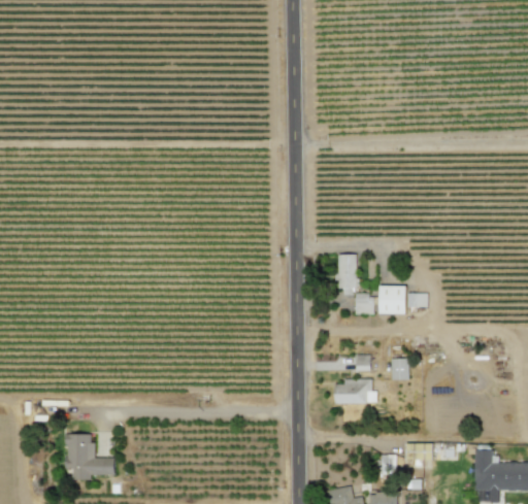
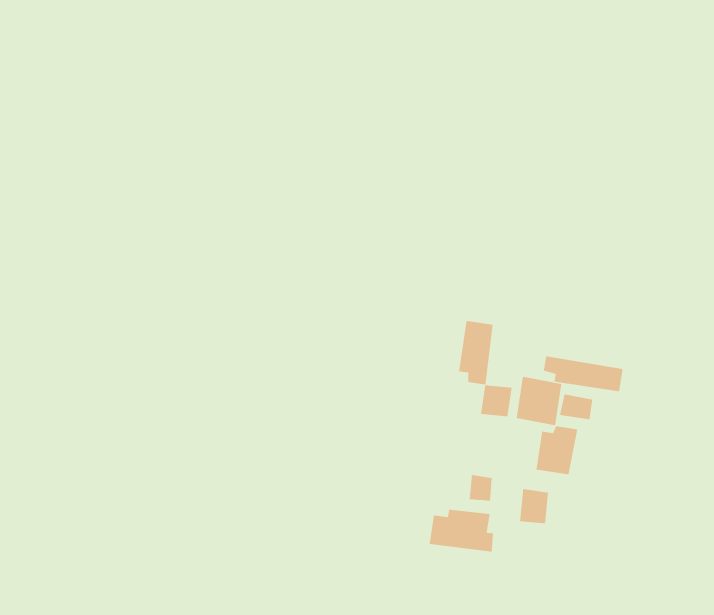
building: none -> [543,355,623,392]
building: none -> [536,426,578,475]
building: [66,434,114,480] -> none

